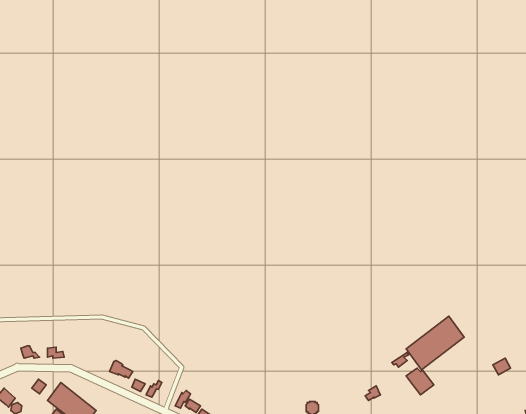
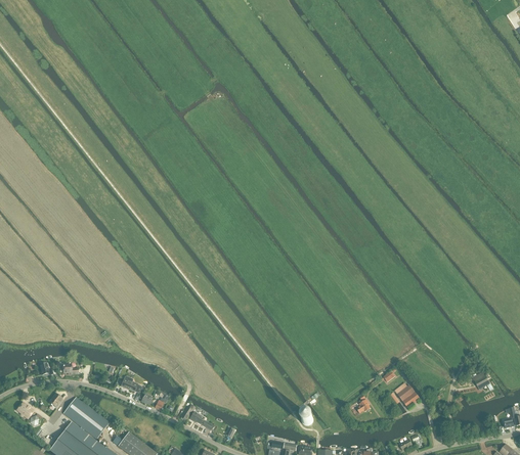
building: [406,316,464,370] -> none

